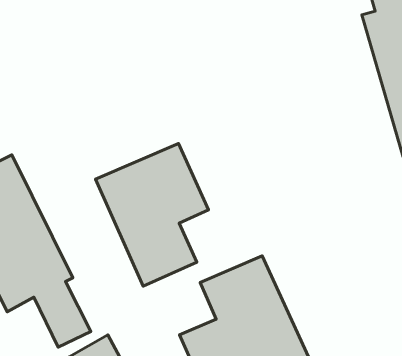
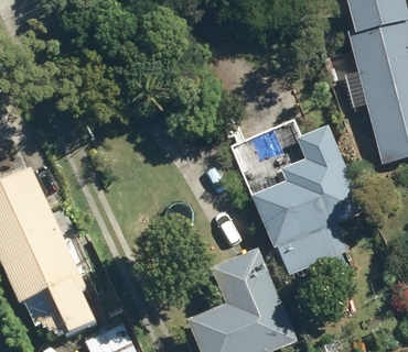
building: none -> [246,113,348,268]
building: [95,144,209,286] -> none

